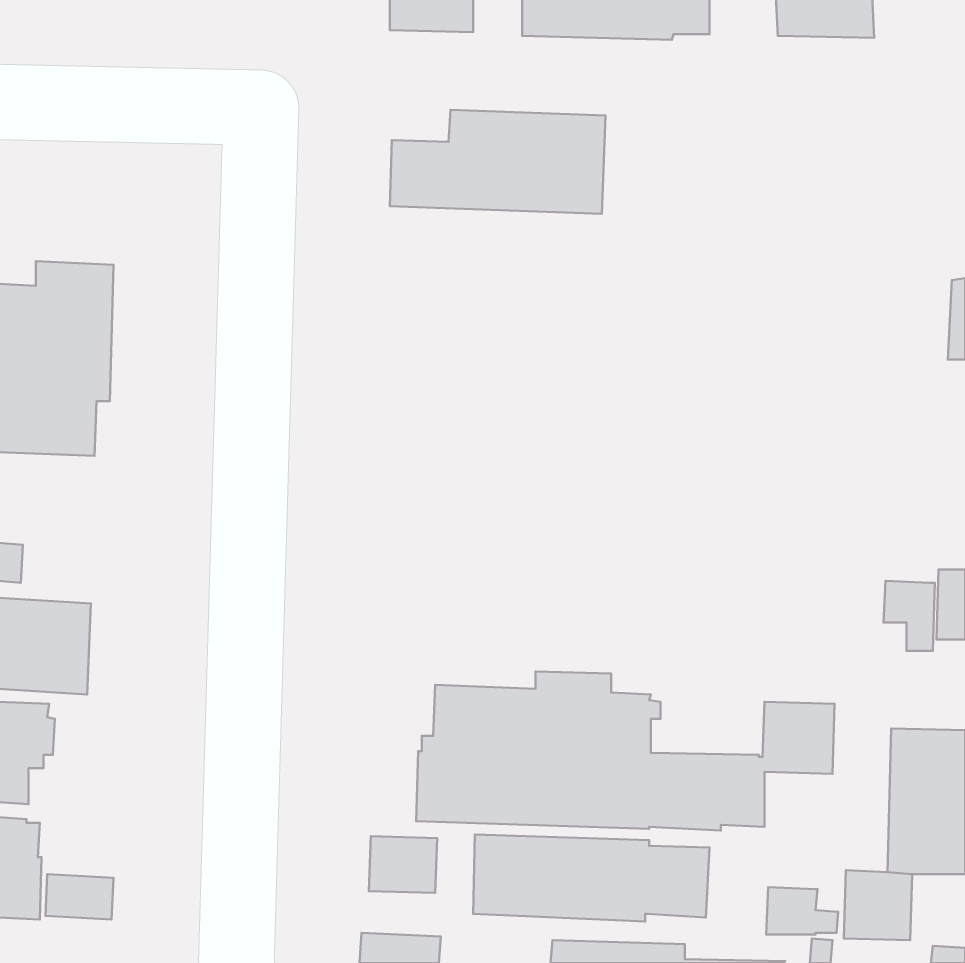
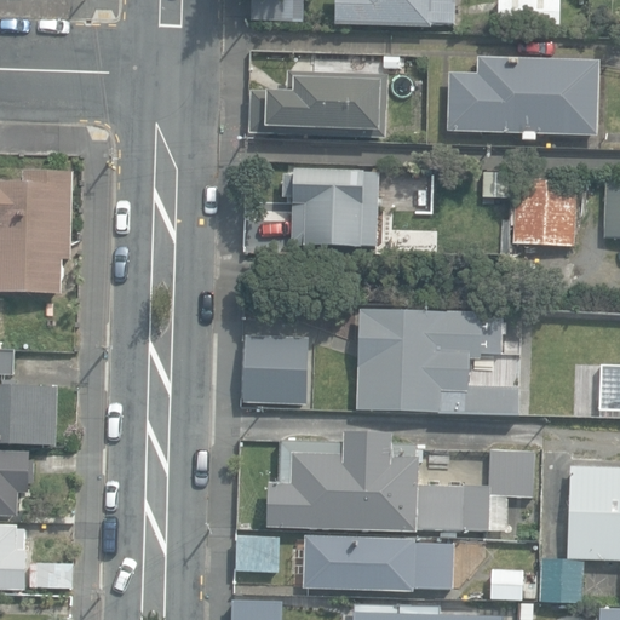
building: none -> [447,54,599,140]
building: none -> [283,170,378,245]
building: none -> [513,179,576,246]
building: none -> [357,308,521,417]
building: none -> [241,332,308,401]

